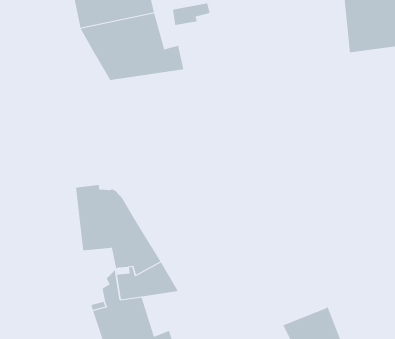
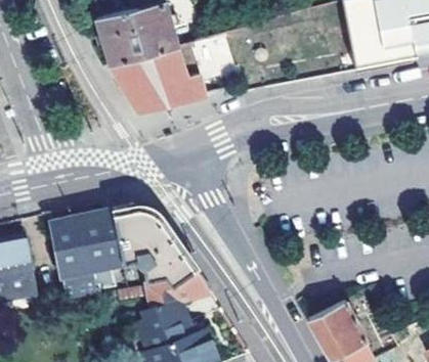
building: none -> [54,209,128,298]

